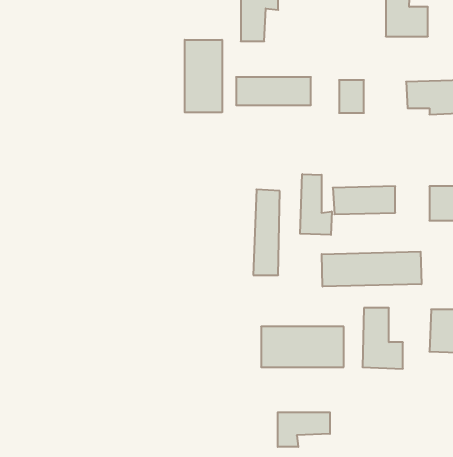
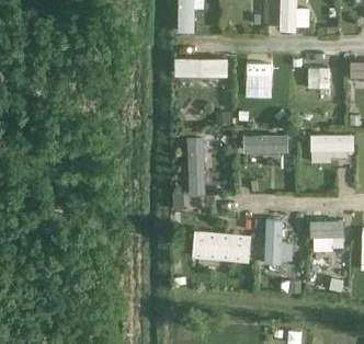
building: [185,40,222,112] -> none
building: [300,174,332,235] -> none
building: [322,252,421,287] -> none
building: [278,412,330,447] -> none

